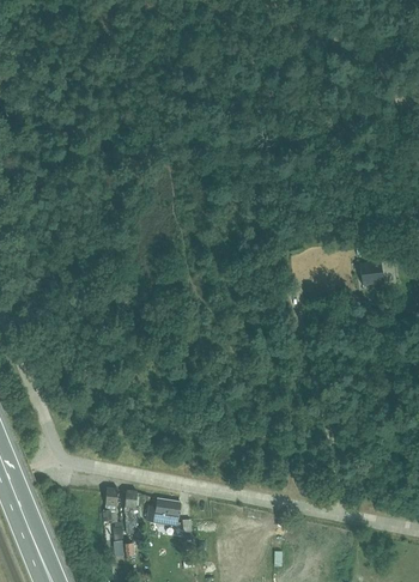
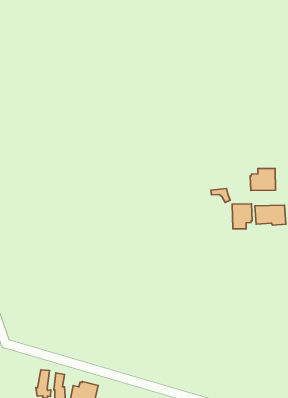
building: none -> [250,168,276,190]
building: none -> [232,204,252,229]

